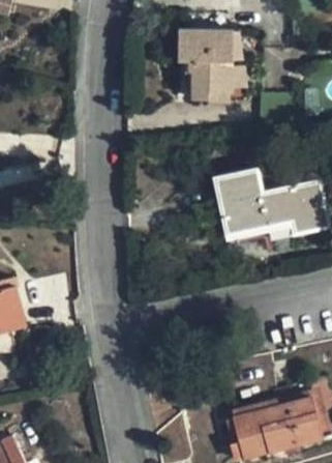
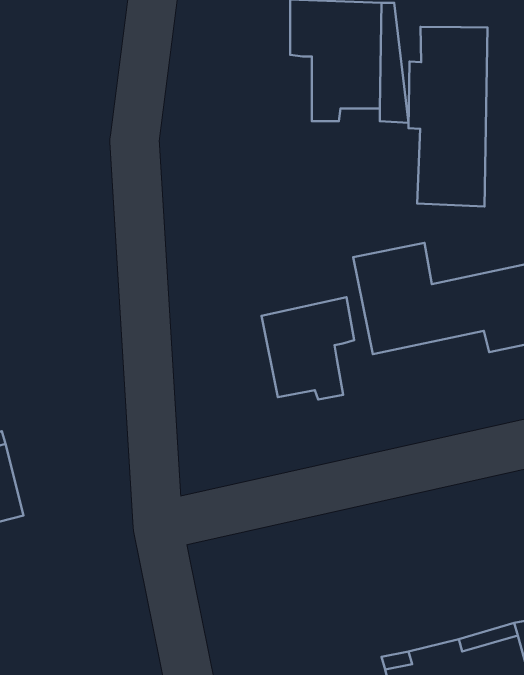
building: none -> [408,27,488,206]
building: none -> [262,297,354,400]

